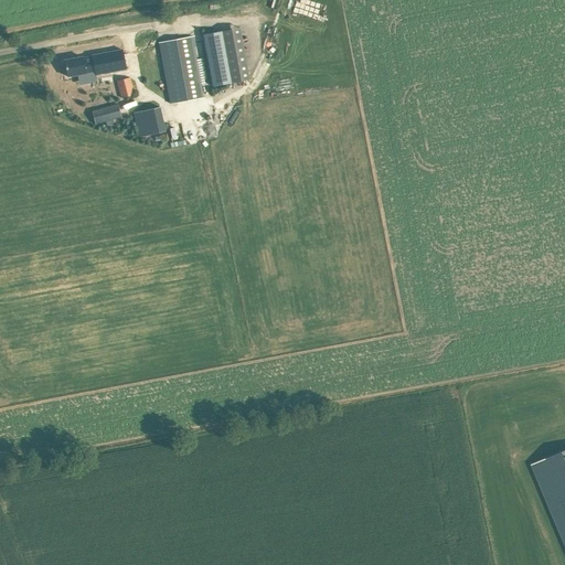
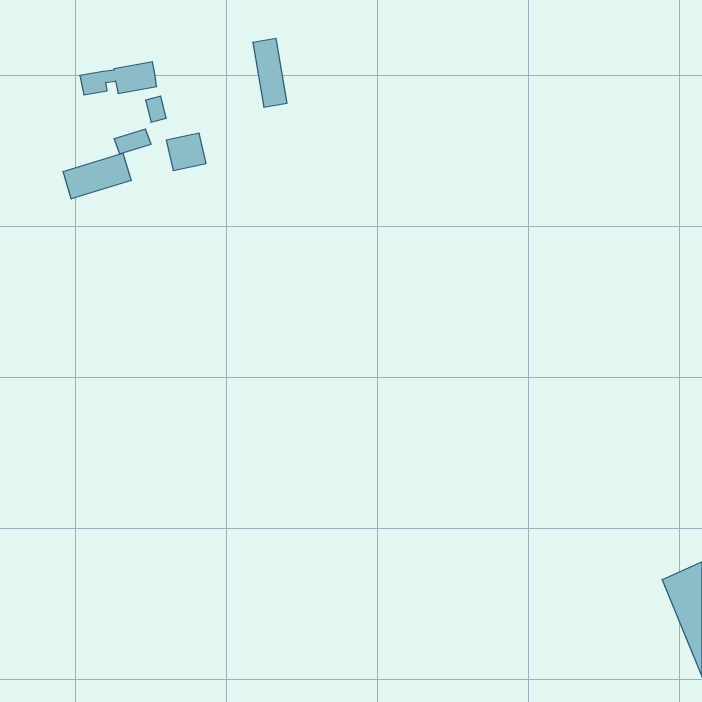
building: [159,36,203,104] -> none
building: none -> [63,153,131,199]

